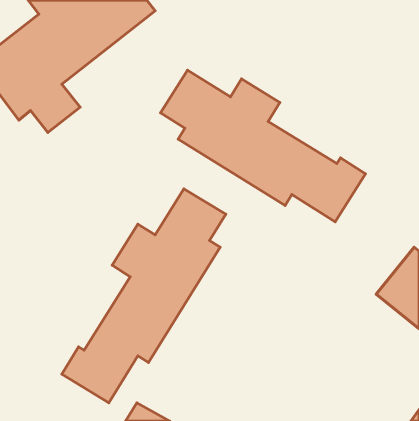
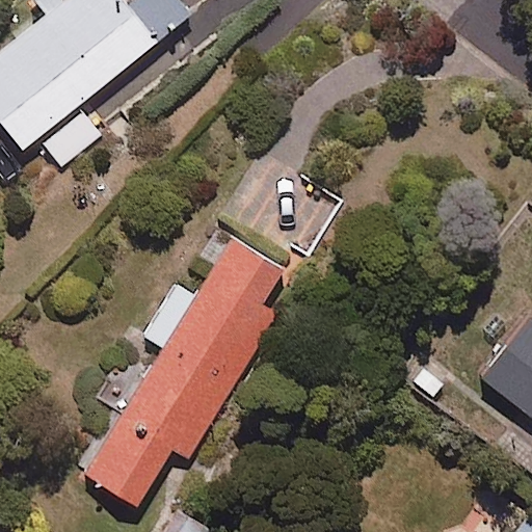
building: [160,70,365,222] -> none

